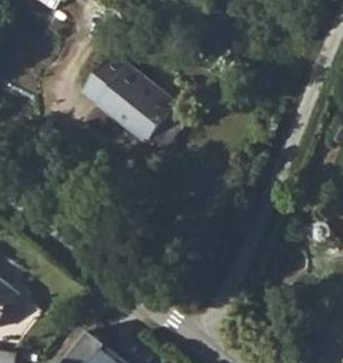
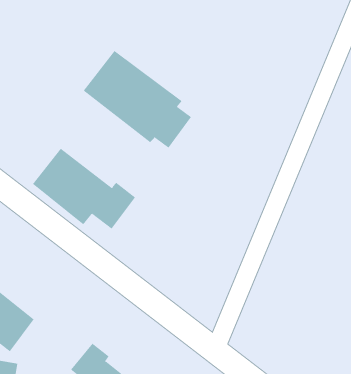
building: none -> [32,148,136,230]

